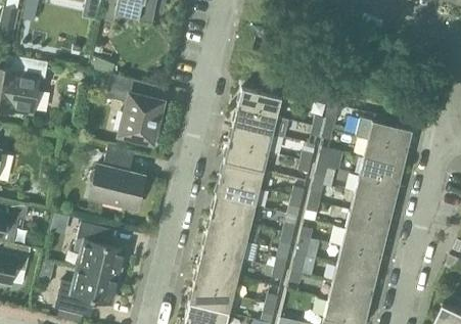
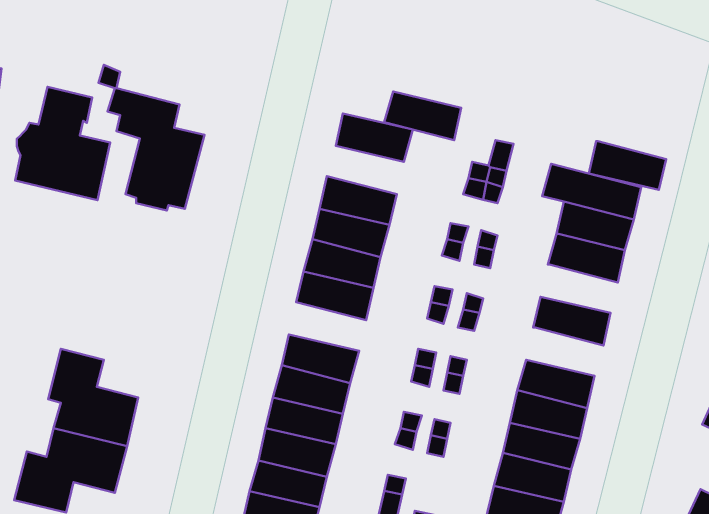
building: [233,107,277,135] -> [384,92,461,140]
building: [90,145,144,210] -> [15,87,110,200]
building: [355,175,399,202] -> [589,141,666,190]
building: [212,196,256,224] -> none
building: [347,211,390,238] -> none

